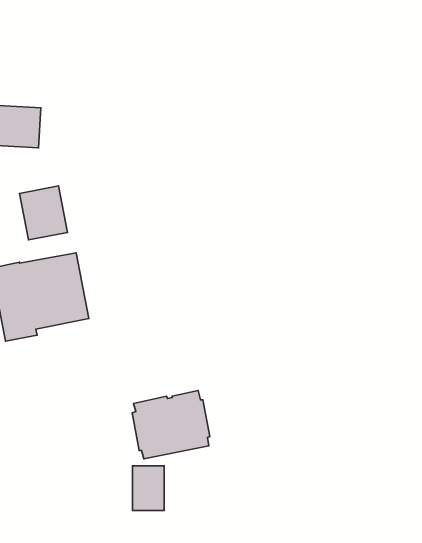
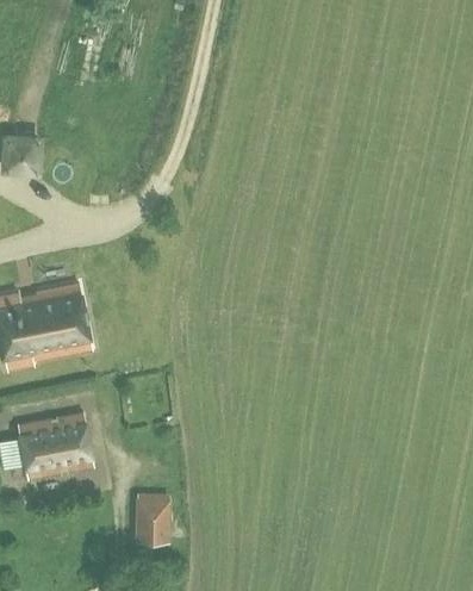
building: [19,186,67,240] -> none
building: [132,390,210,459] -> [15,409,94,478]

